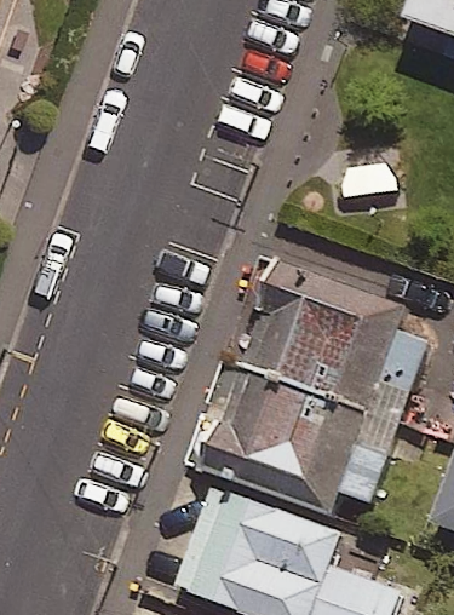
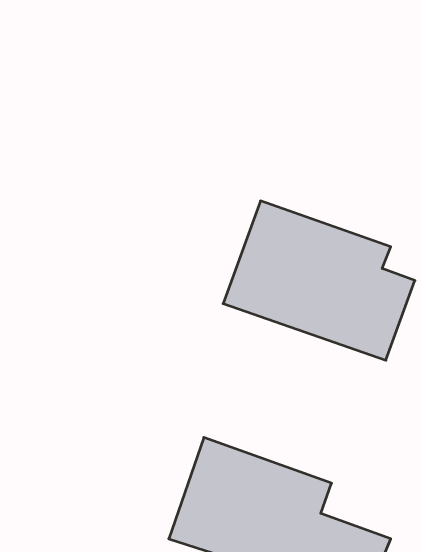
building: [199,361,400,512] -> none

